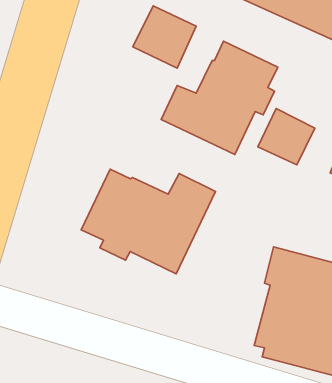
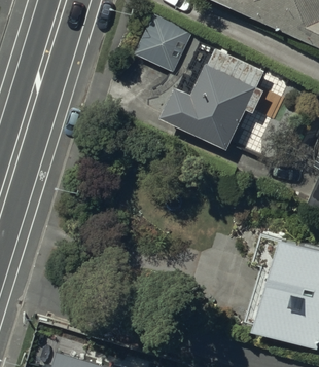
building: [258,109,315,165] -> none
building: [81,169,215,274] -> none

